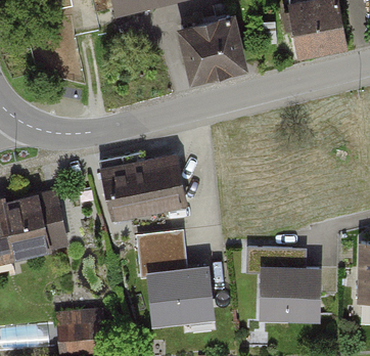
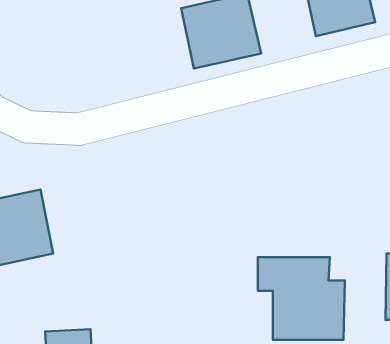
building: [101,155,184,222] -> none
building: [139,229,186,264] -> none
building: [150,270,210,320] -> none

